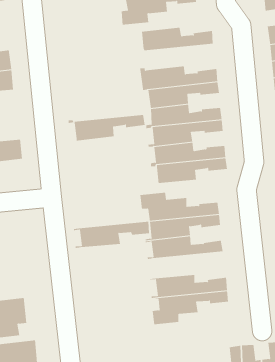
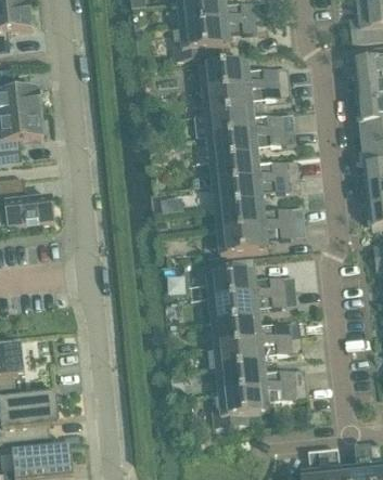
building: [68,115,146,141] -> [195,80,291,113]
building: [73,221,150,248] -> [207,335,302,368]

